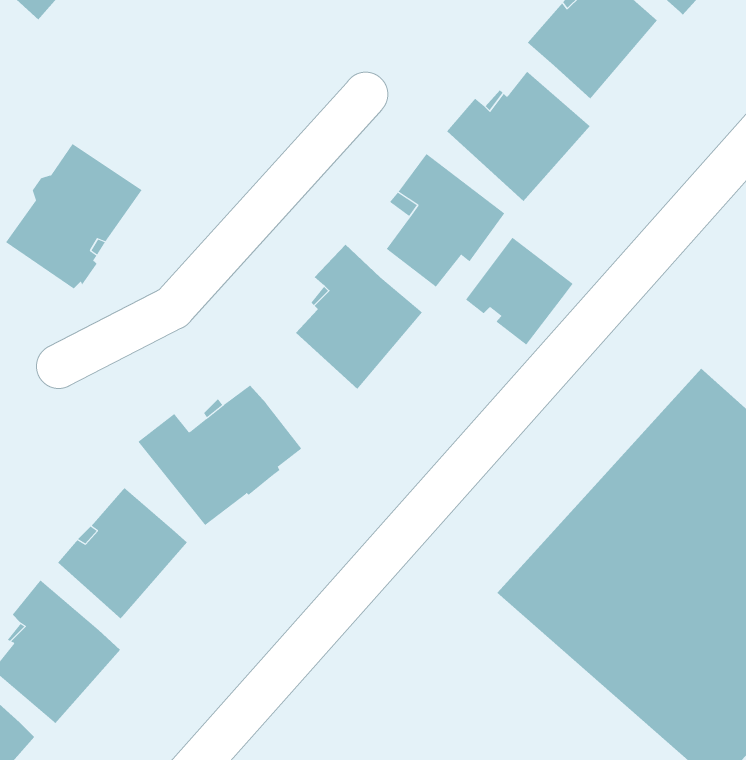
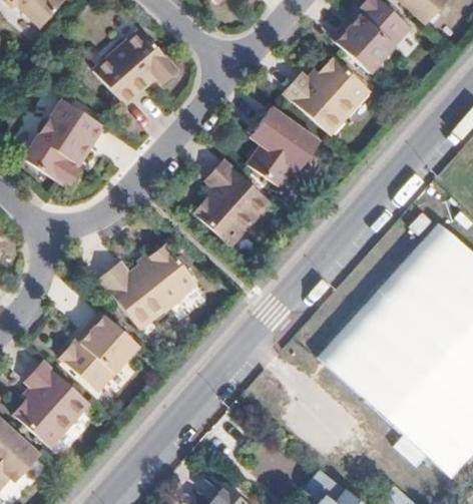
building: none -> [94,27,177,103]
building: [465,237,573,345] -> none

